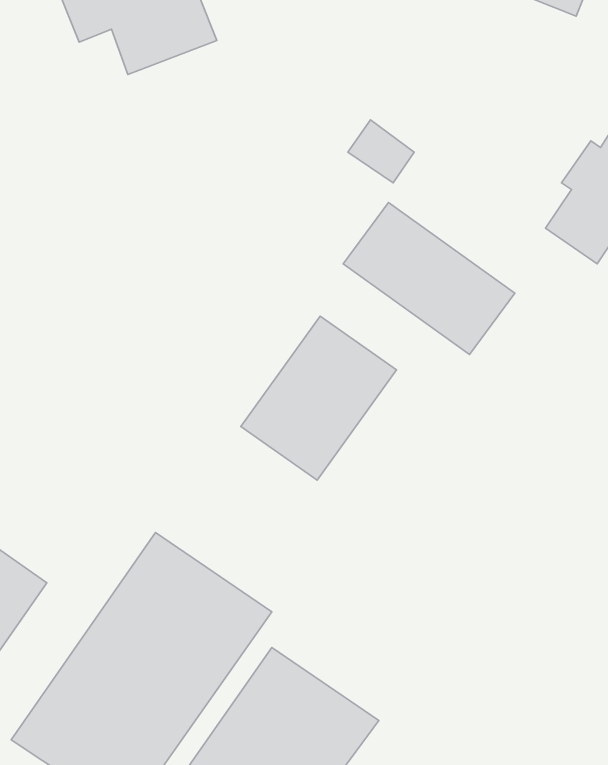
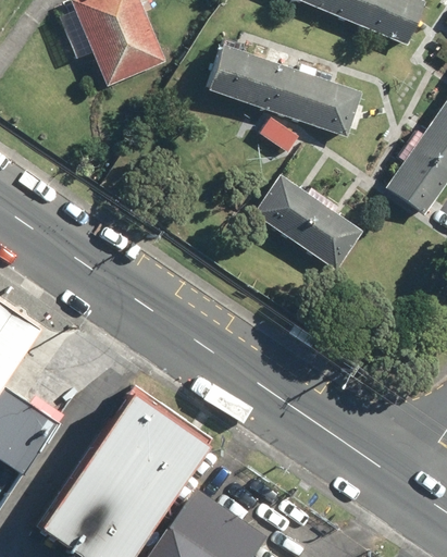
building: none -> [208,41,367,138]
building: [241,316,396,480] -> none

